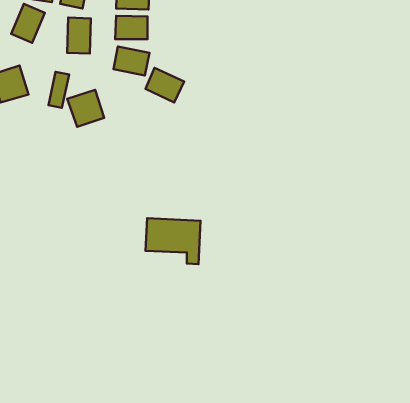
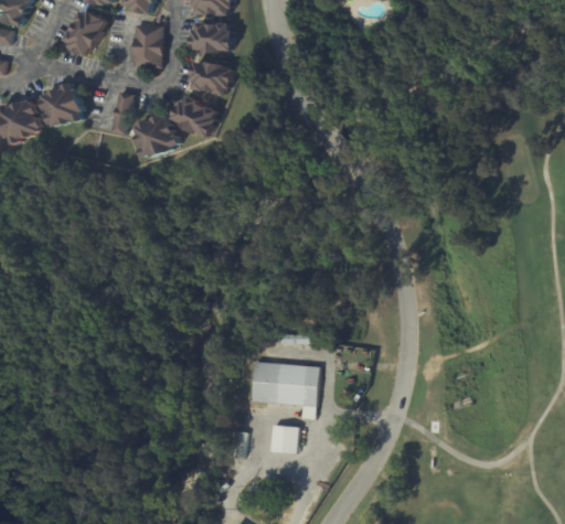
building: [145,68,184,102] -> [172,95,220,137]
building: [145,218,200,264] -> [249,362,317,418]
building: none -> [268,424,298,453]

